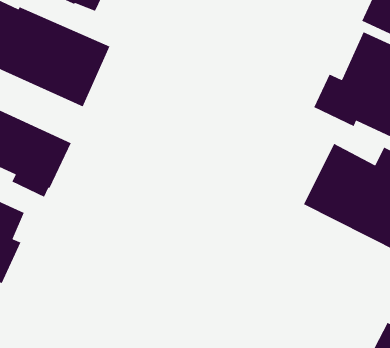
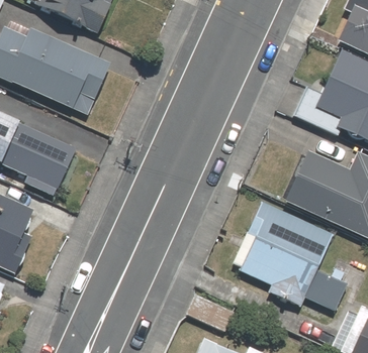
building: none -> [214,200,354,318]

